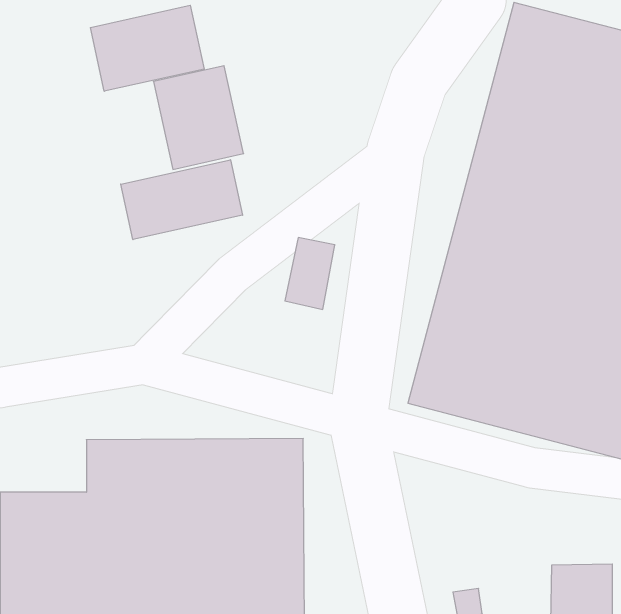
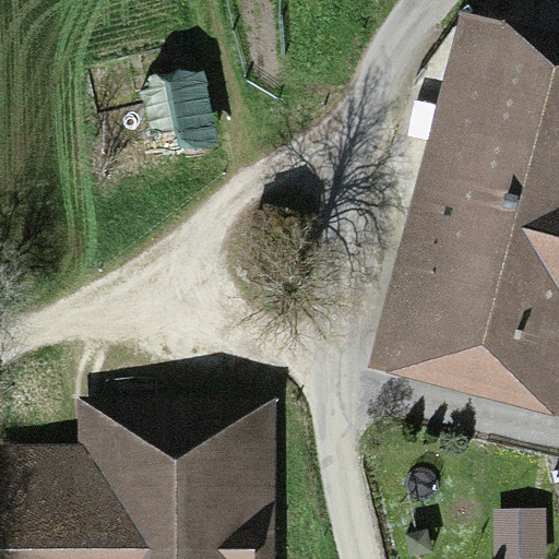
building: [90,5,204,91] -> none
building: [121,160,243,240] -> none

